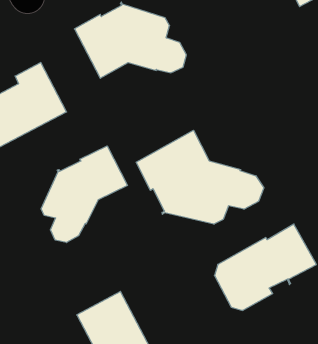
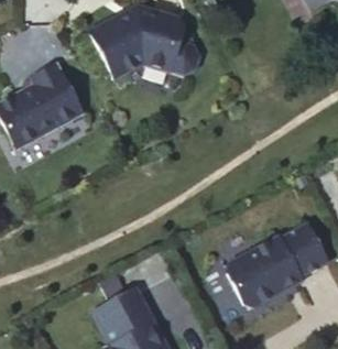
building: [136,130,264,224] -> none
building: [41,146,127,243] -> none

